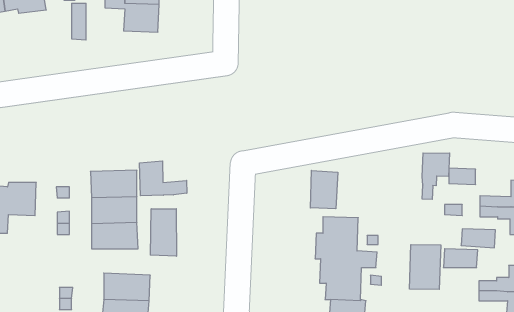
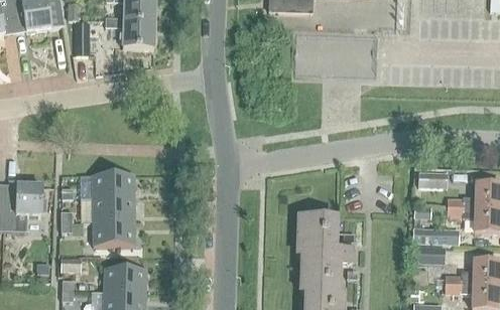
building: [422,153,450,199] -> none
building: [140,161,187,196] -> none
building: [310,170,338,209] -> none
building: [150,209,176,256] -> none
building: [410,245,441,289] -> none

